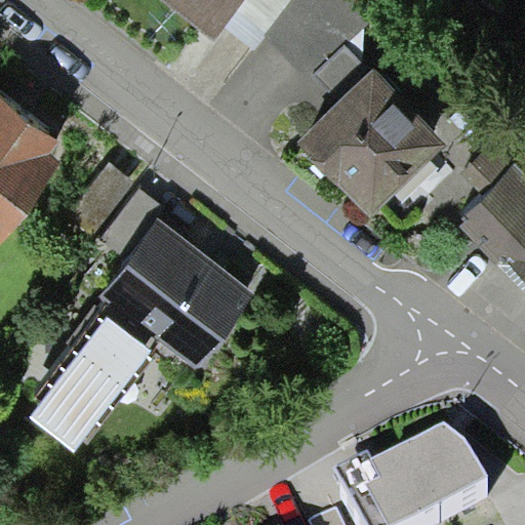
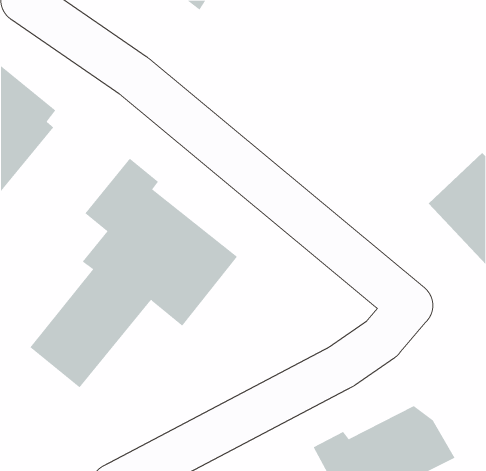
building: [301,68,443,208] -> none

